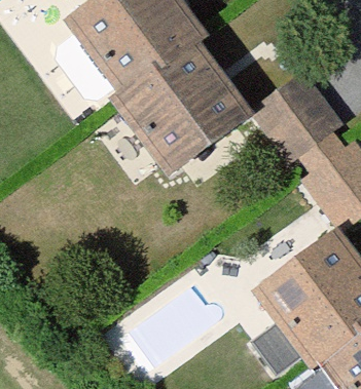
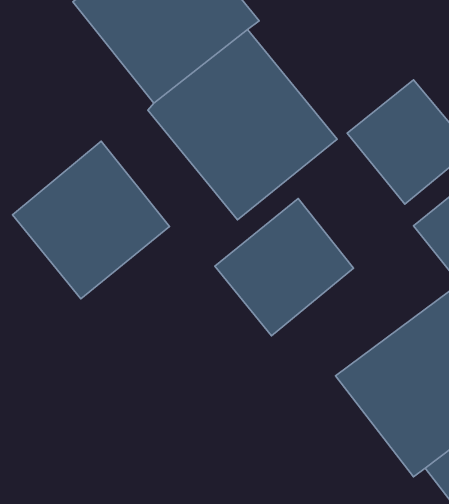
building: none -> [12,141,170,299]
building: none -> [215,199,354,336]

